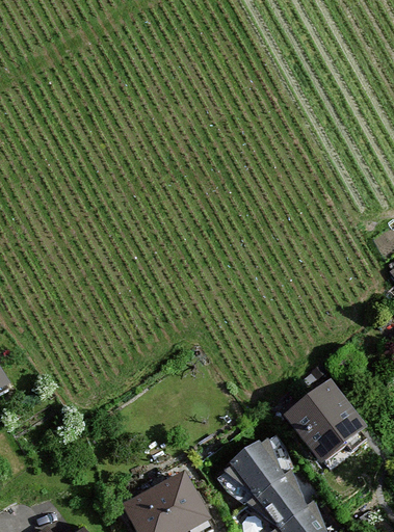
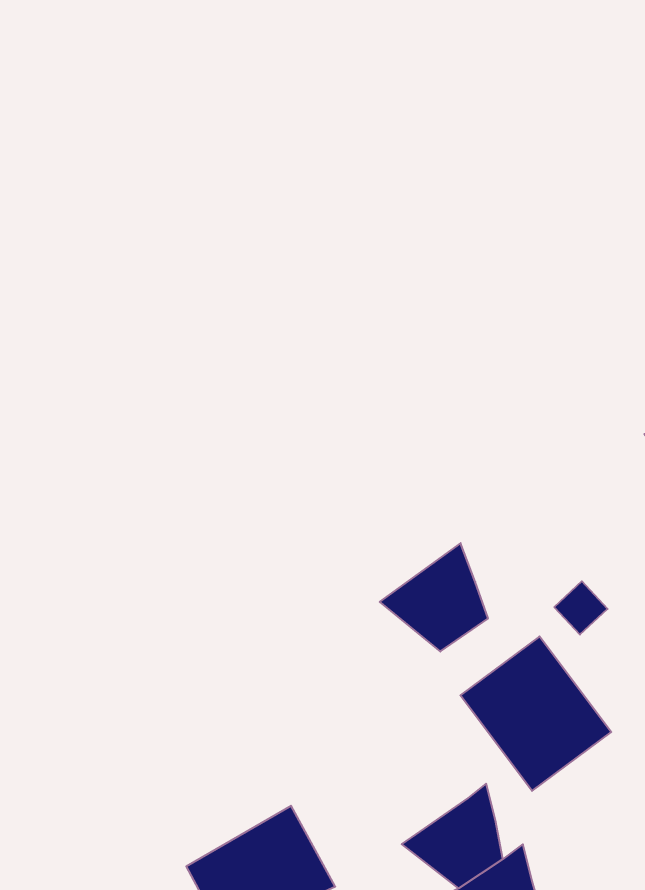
building: [228,429,289,490] -> [380,543,488,652]

